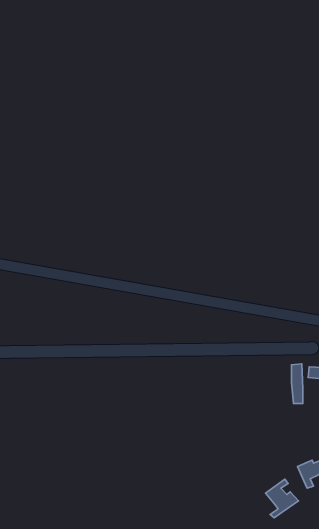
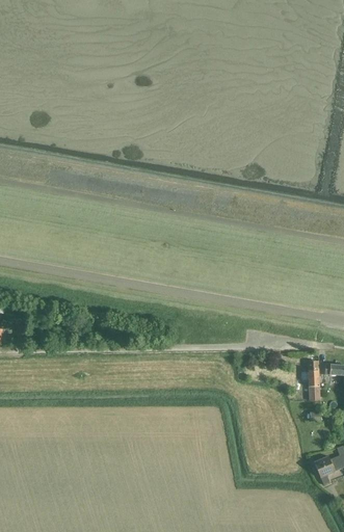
building: [266,479,298,518] -> none

